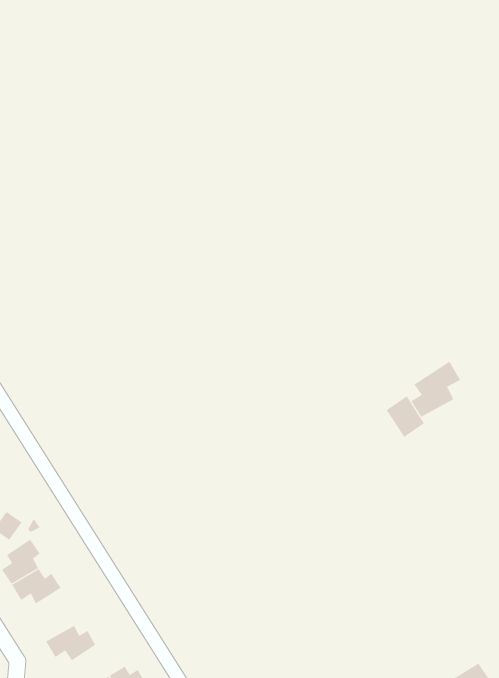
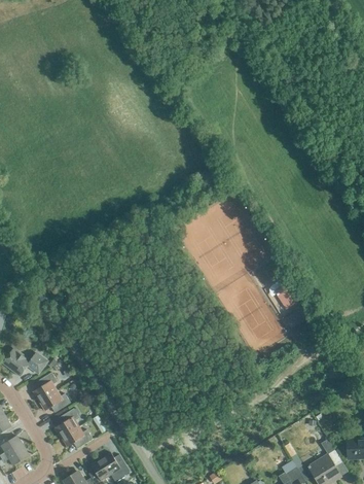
building: [411,361,461,417] -> none
building: none -> [56,408,79,437]

